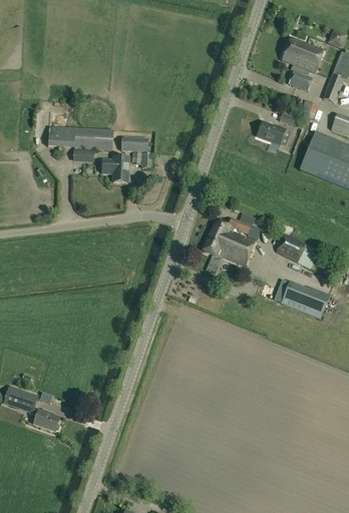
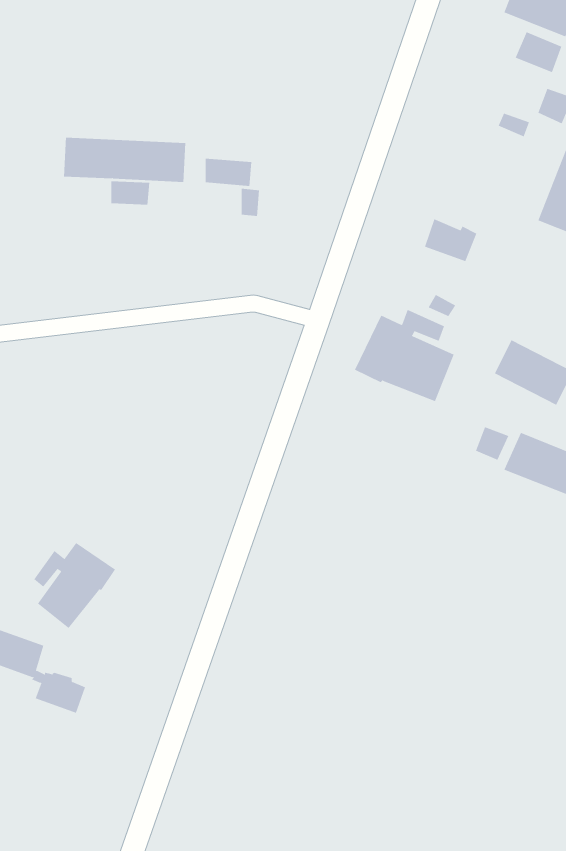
building: [258,120,286,143] -> [424,218,477,262]
building: [102,159,128,181] -> none
building: none -> [33,542,116,629]

